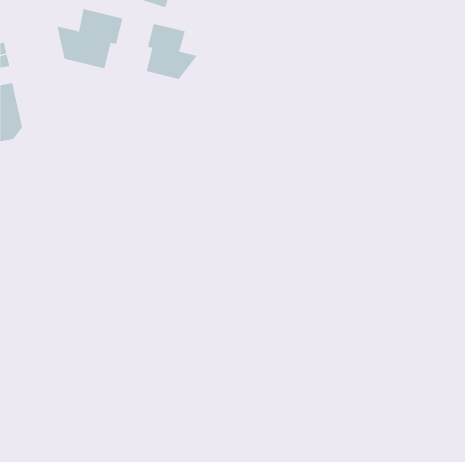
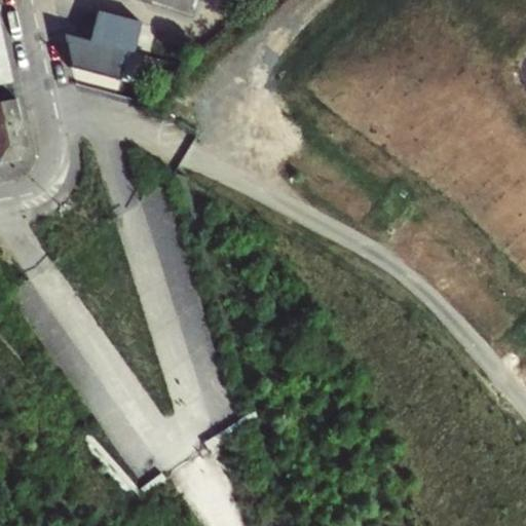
building: [146,23,198,80] -> none

